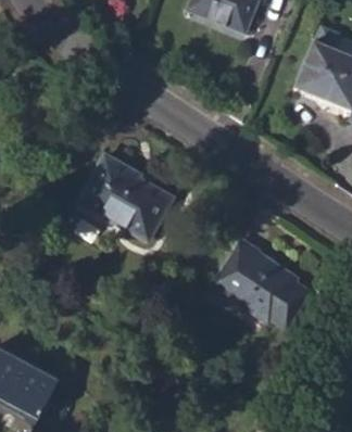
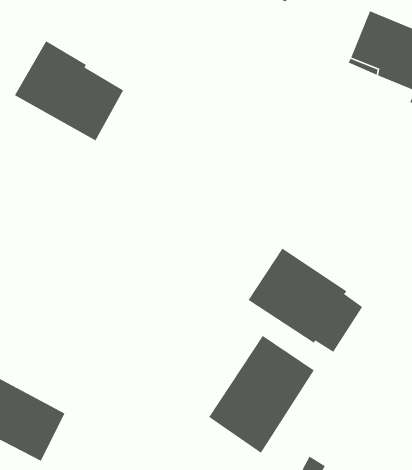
building: [78,155,172,241] -> [14,40,124,142]
building: none -> [208,335,315,454]

